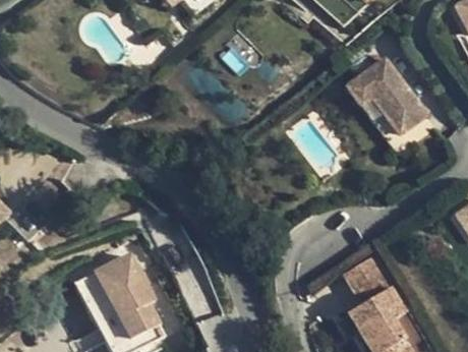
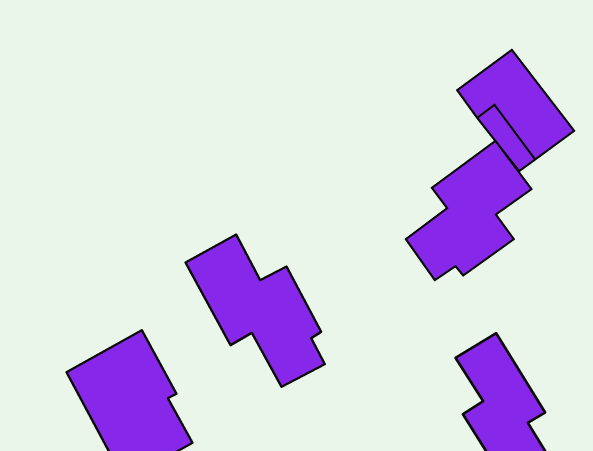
building: none -> [406,141,531,280]
building: none -> [186,235,325,387]

